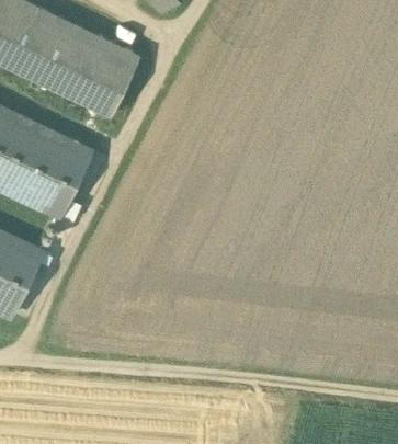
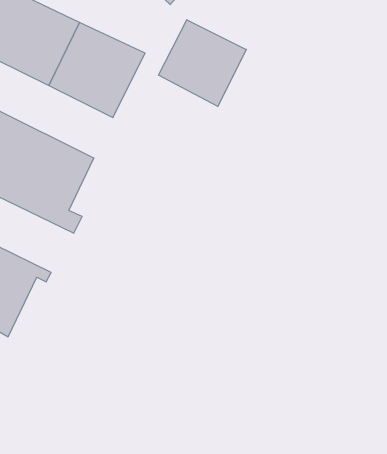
building: none -> [159,20,246,106]

